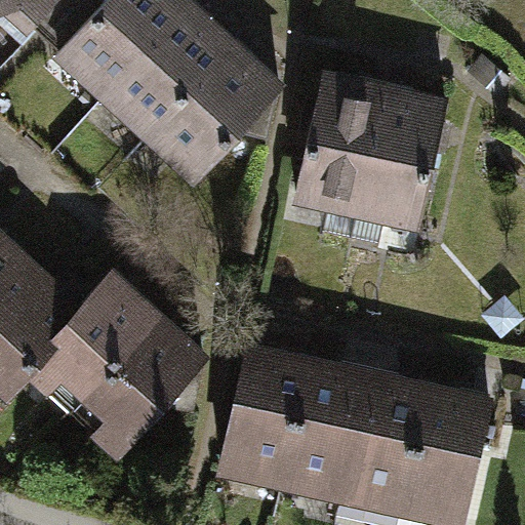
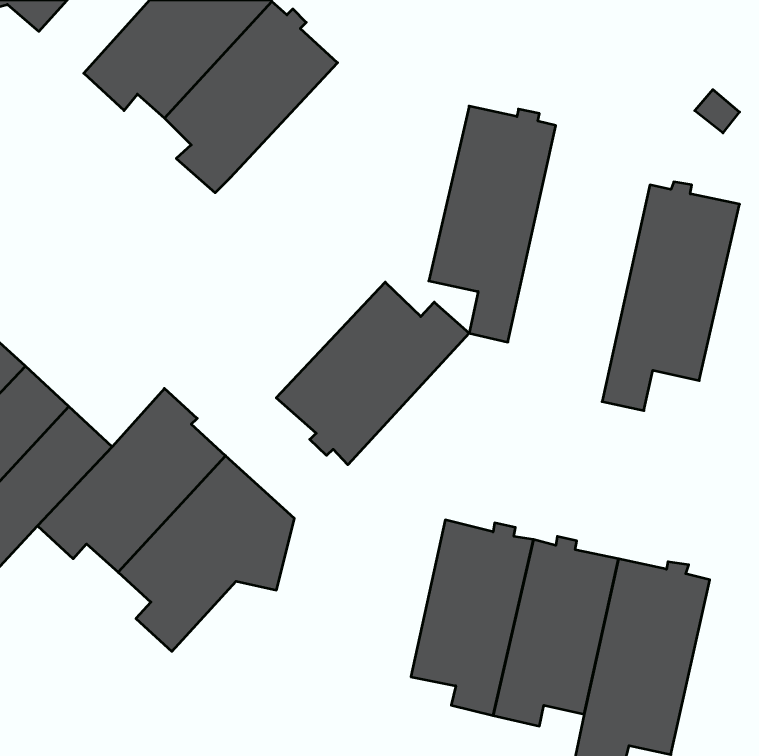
building: [158,48,277,179] -> none
building: [349,89,443,246] -> [602,182,740,411]
building: none -> [276,282,469,465]
building: [218,348,306,477] -> none

